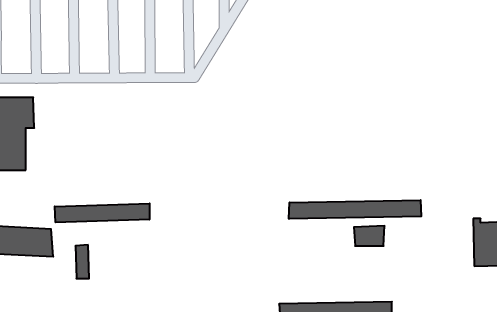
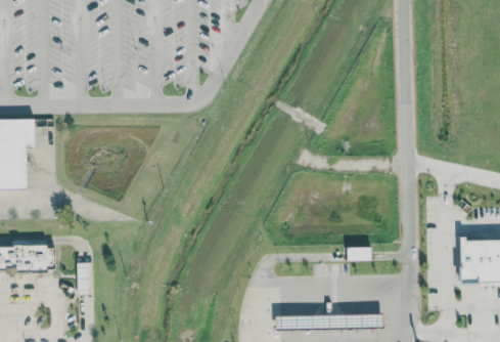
building: [289,200,421,219] -> none
building: [55,203,150,222] -> none

